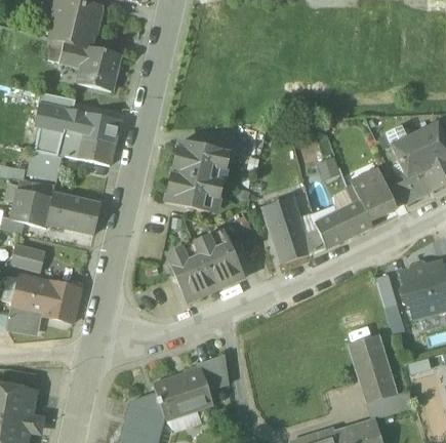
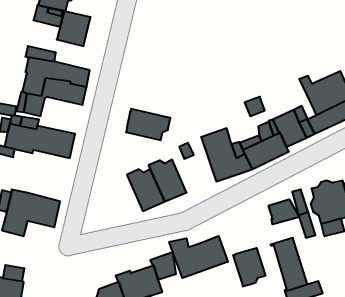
building: [171,142,229,182] -> none
building: [10,244,45,272] -> none
building: none -> [269,199,299,224]
building: none -> [169,236,228,278]
building: none -> [233,248,265,287]

